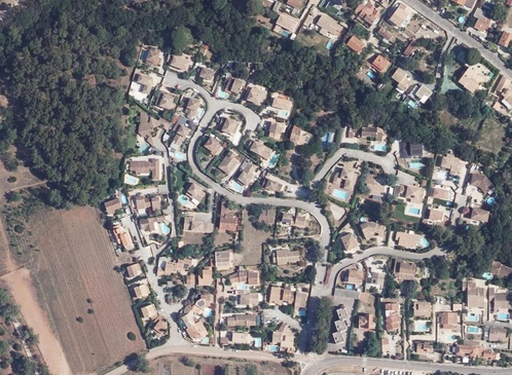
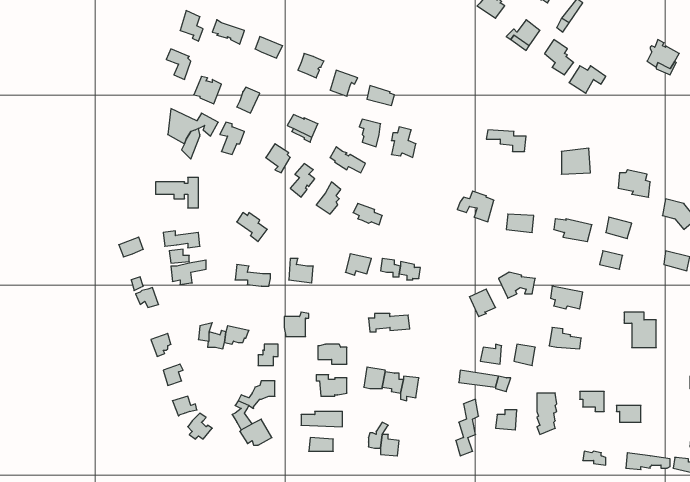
building: [462,283,483,306] -> [624,312,656,348]

